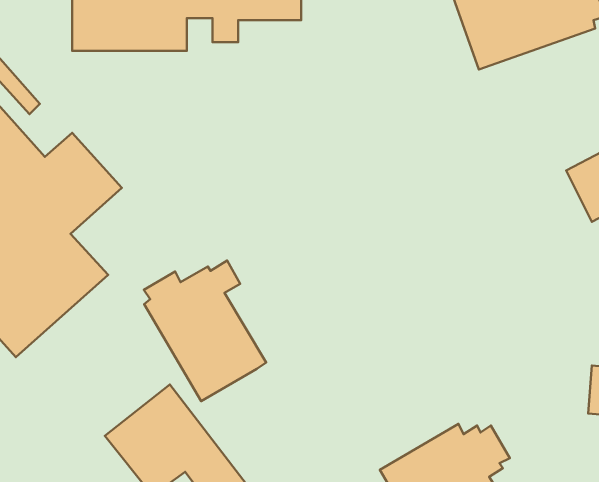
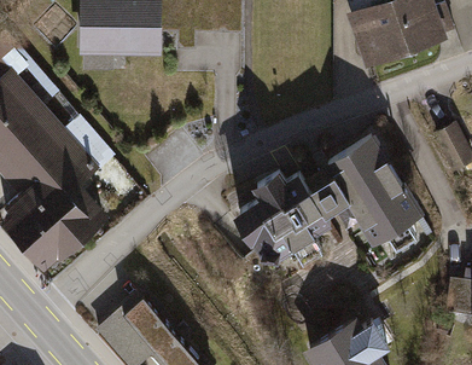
building: none -> [245,138,419,261]
building: [144,260,266,401] -> none

